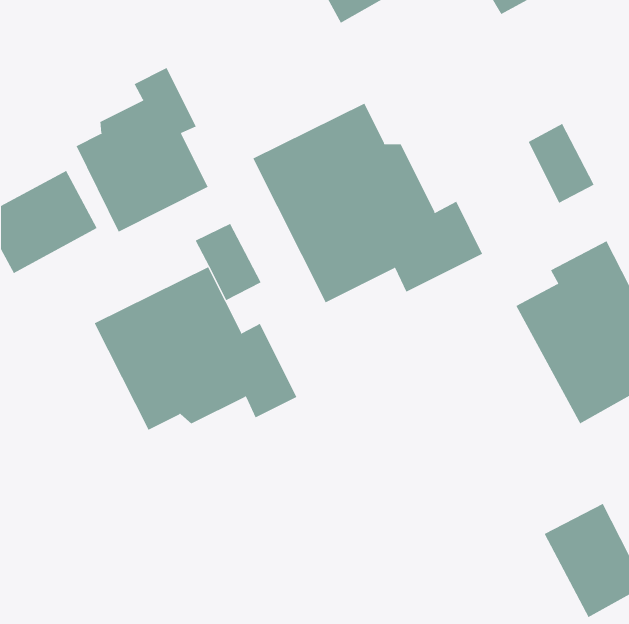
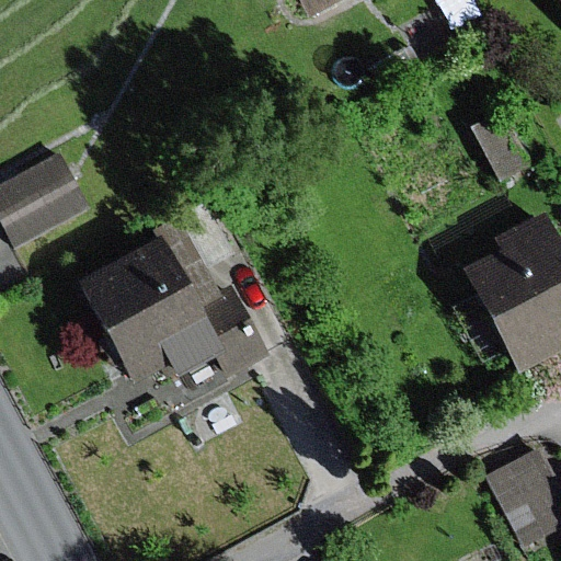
building: [76,67,208,233] -> none
building: [252,103,483,303] -> none

